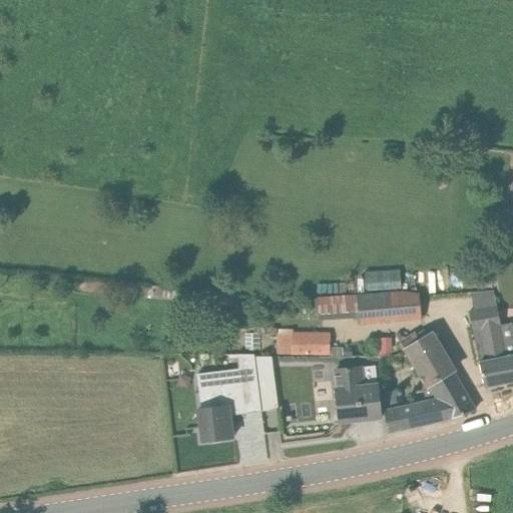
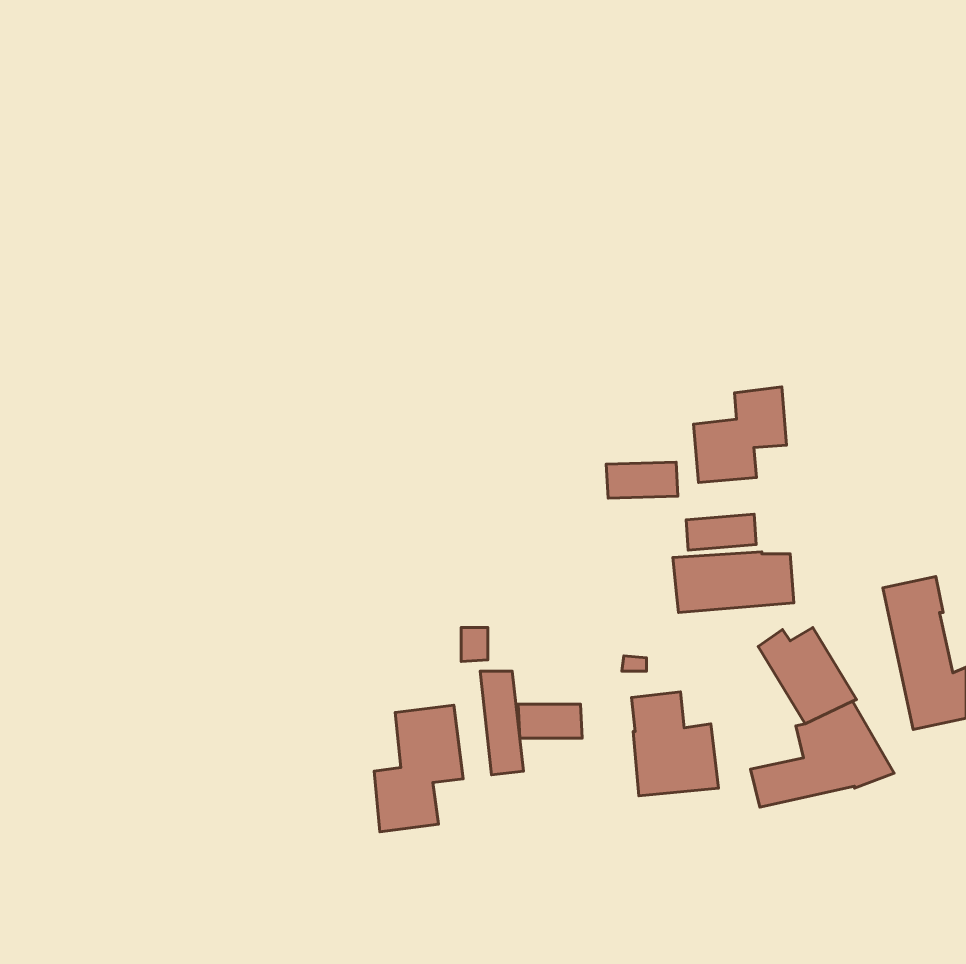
building: none -> [694,387,787,482]
building: [320,293,358,312] -> [606,462,678,498]
building: [293,334,327,352] -> [518,704,582,738]

